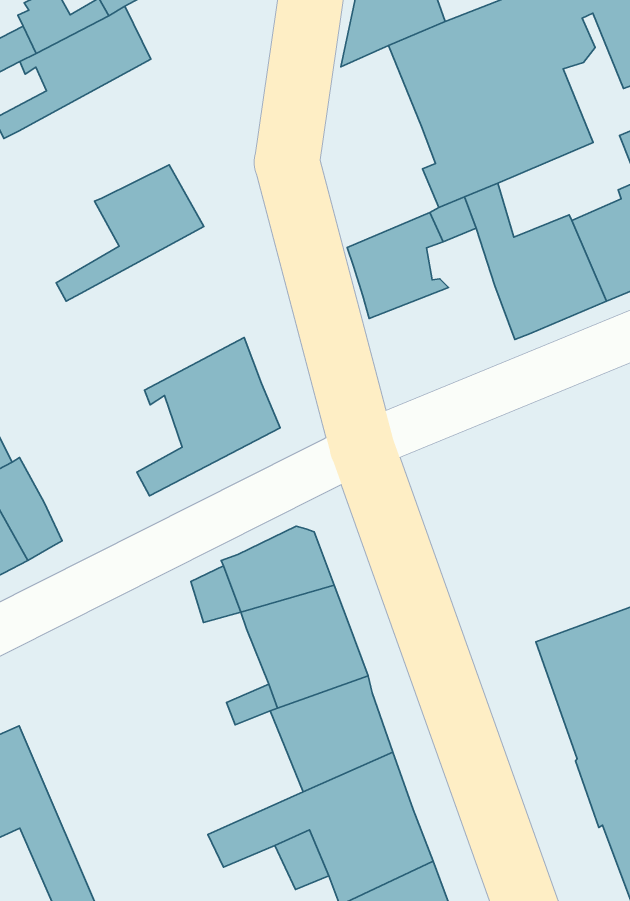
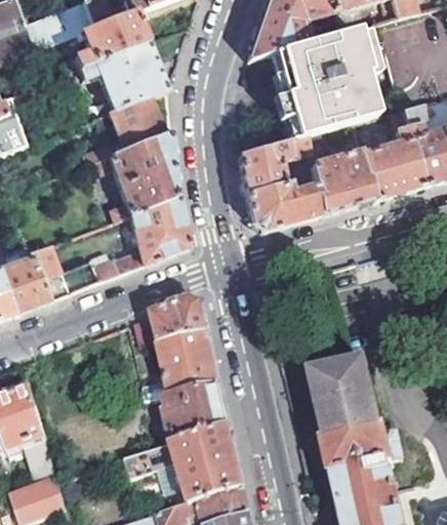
building: none -> [68,41,162,112]
building: none -> [90,131,174,219]
building: none -> [242,181,318,230]
building: none -> [57,257,114,291]

